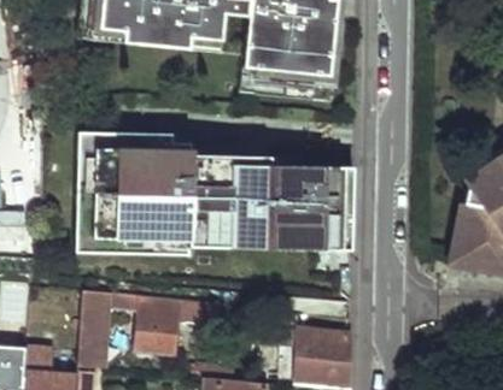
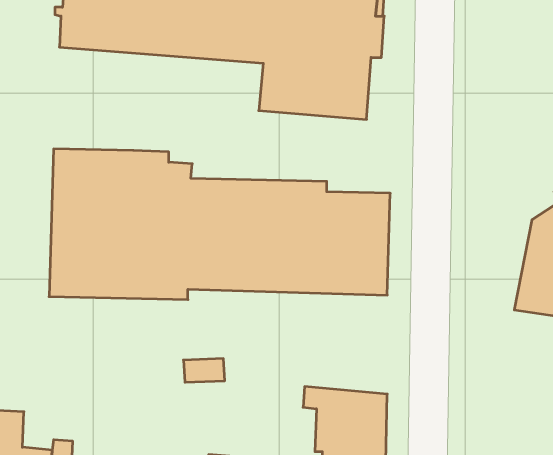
building: [77,289,179,366] -> none

